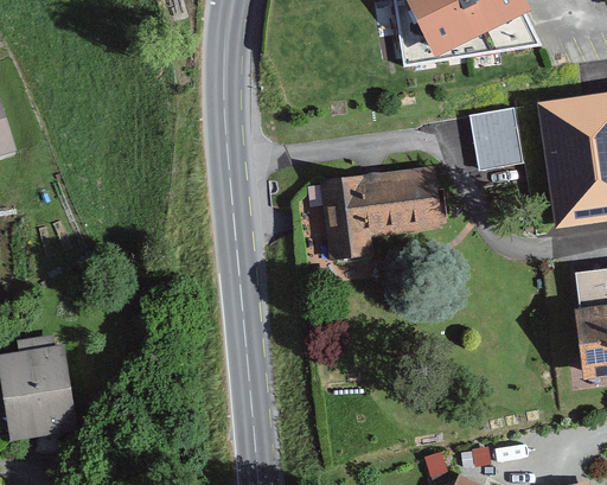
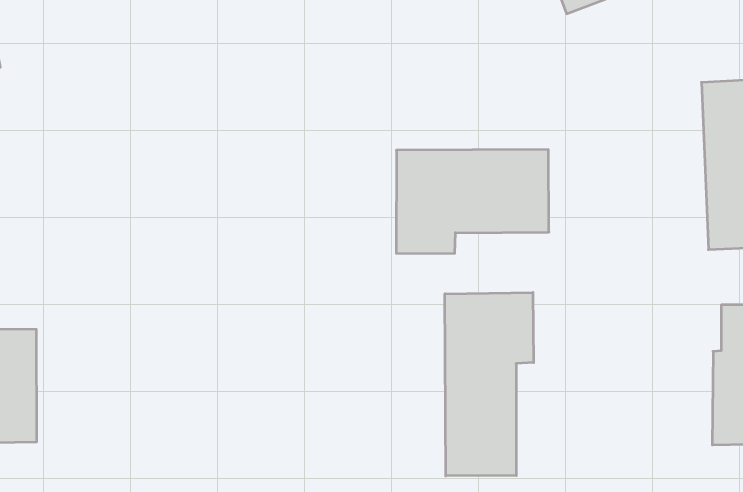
building: [471,102,525,165] -> none
building: none -> [445,292,534,476]

